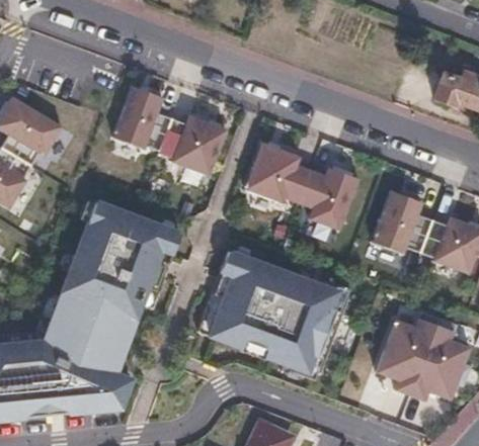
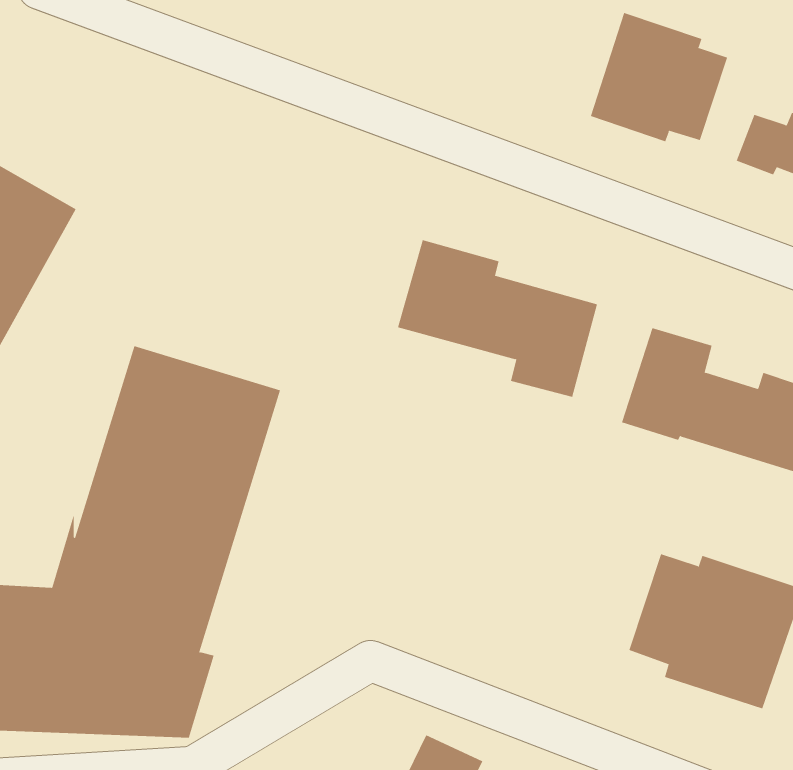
building: none -> [590,12,728,142]
building: [109,85,224,172] -> none
building: [196,251,343,377] -> none

